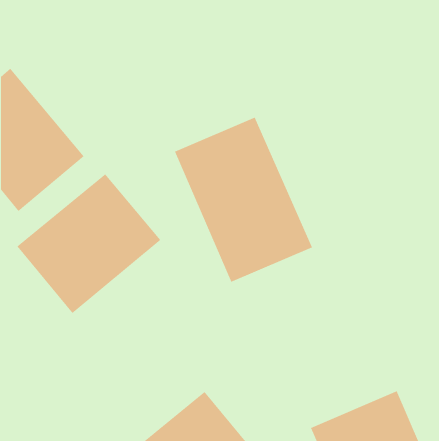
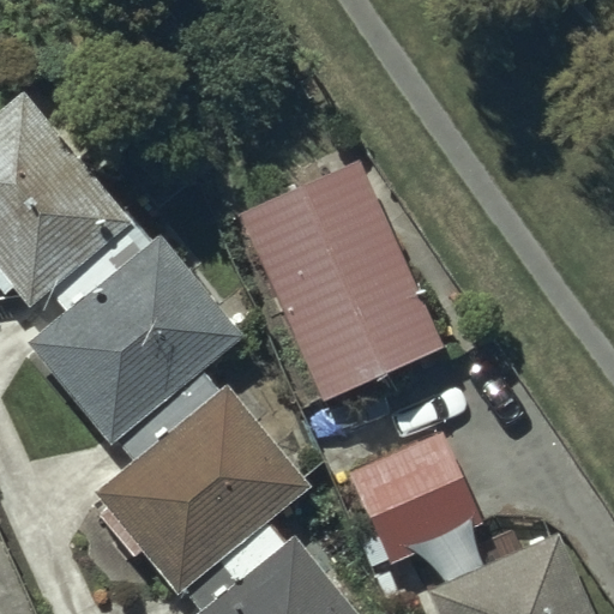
building: none -> [102,396,301,589]
building: none -> [353,432,482,561]

